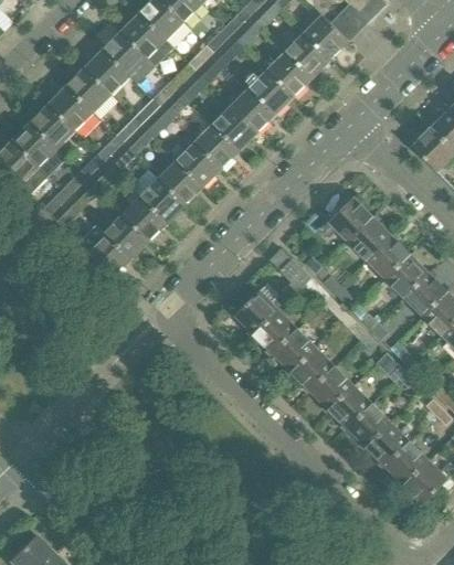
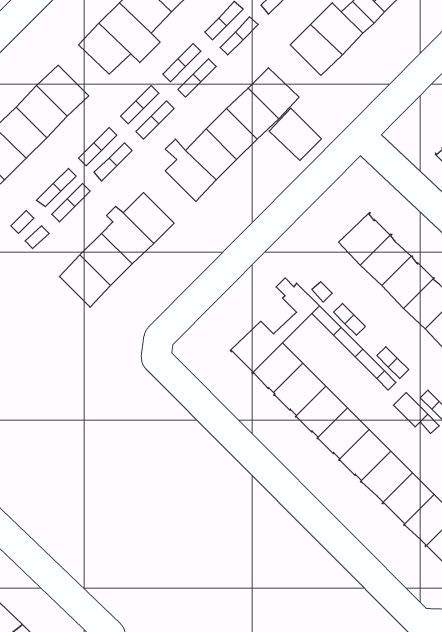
building: [84,51,128,95] -> none
building: [266,51,312,96] -> [269,108,321,160]
building: [158,160,203,205] -> none

